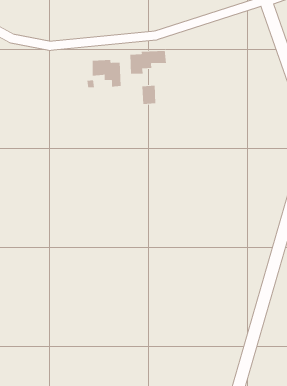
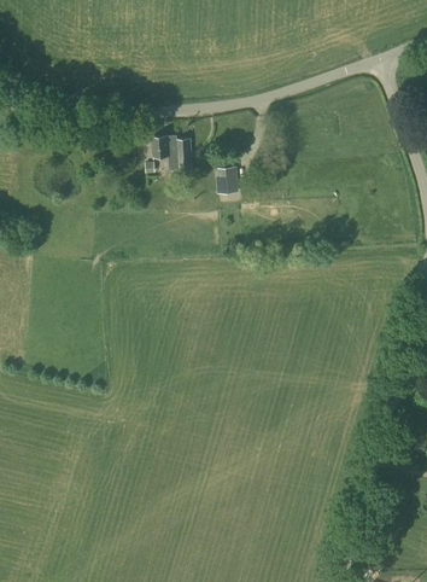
building: [130,50,167,75] -> none

